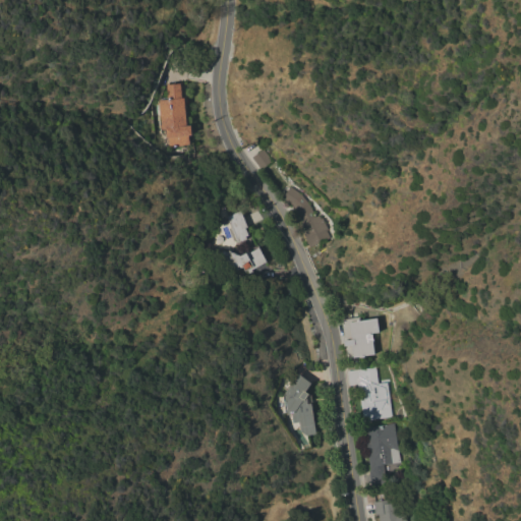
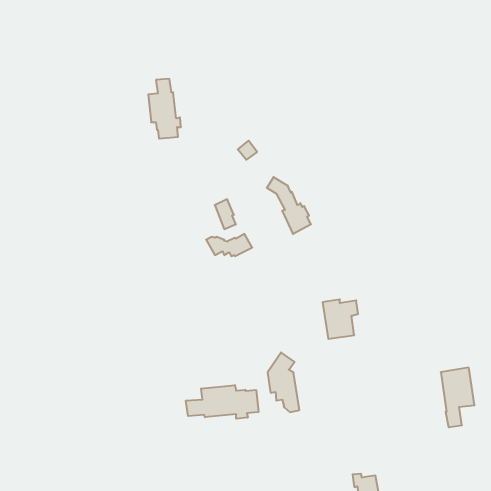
building: [348,367,392,421] -> none
building: none -> [186,385,258,419]
building: [364,423,400,486] -> [441,368,475,427]

